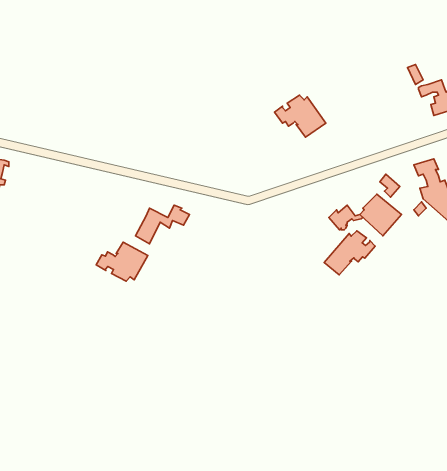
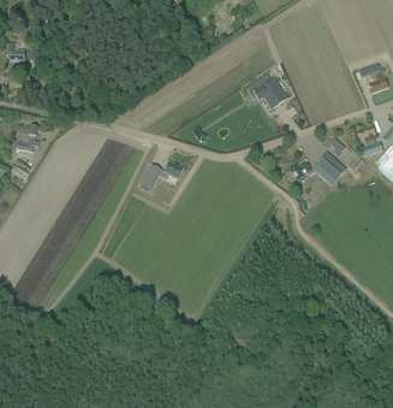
building: [324,231,375,275] -> none
building: [96,242,148,281] -> none

